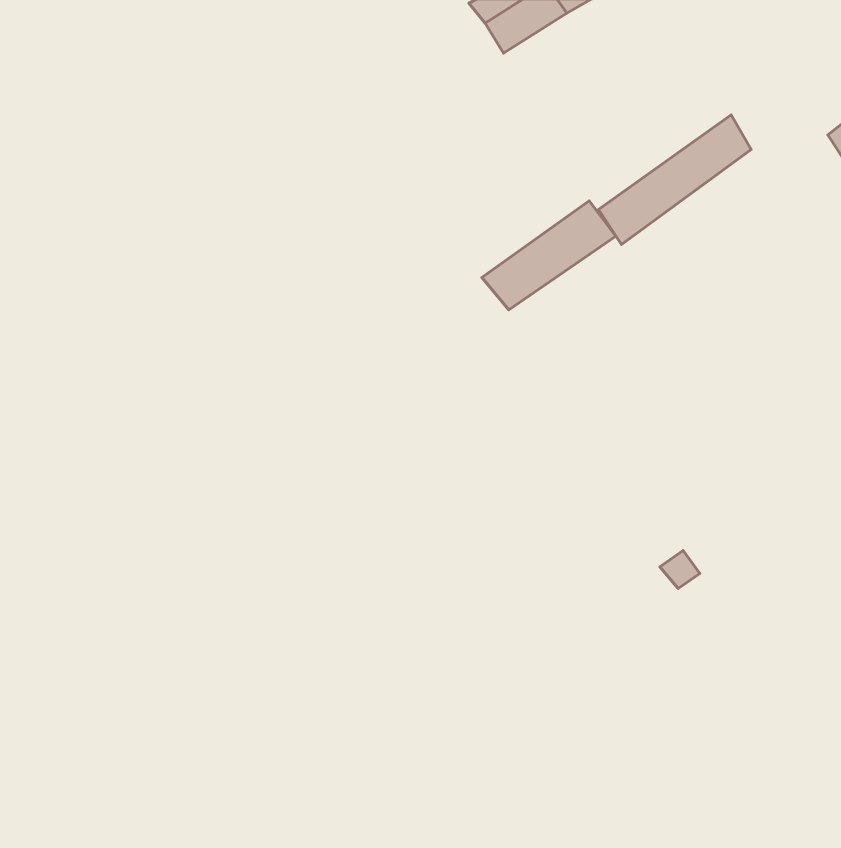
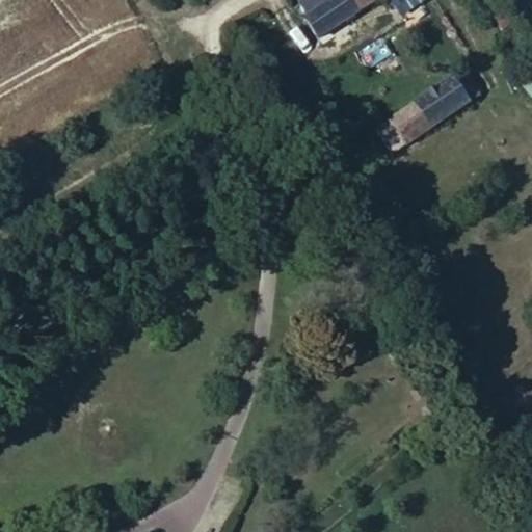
building: [482,201,616,310] -> none

